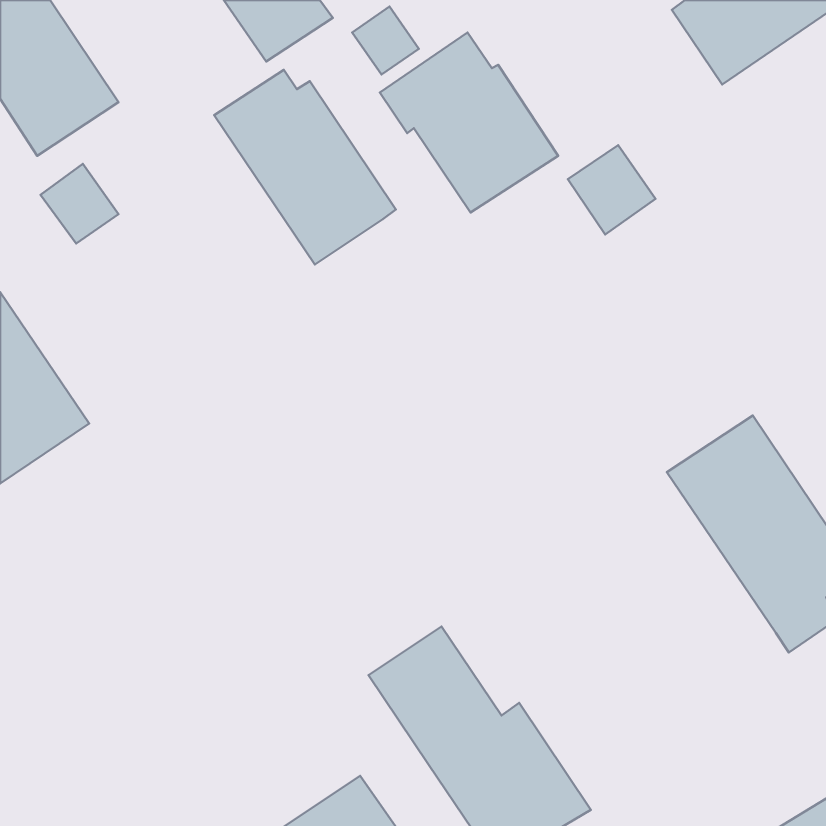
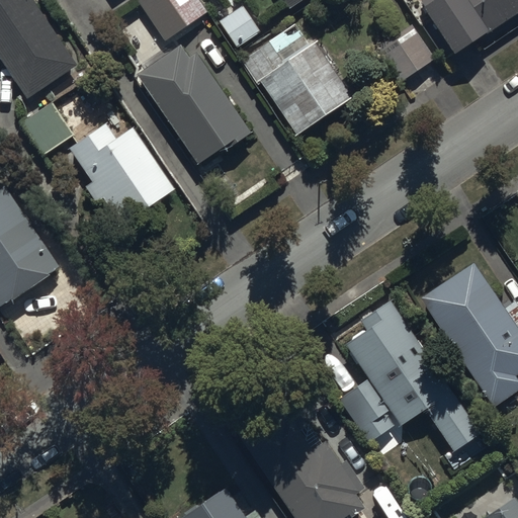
building: [568,145,656,234] -> [382,27,437,83]
building: none -> [68,123,173,225]
building: none -> [339,298,481,452]

